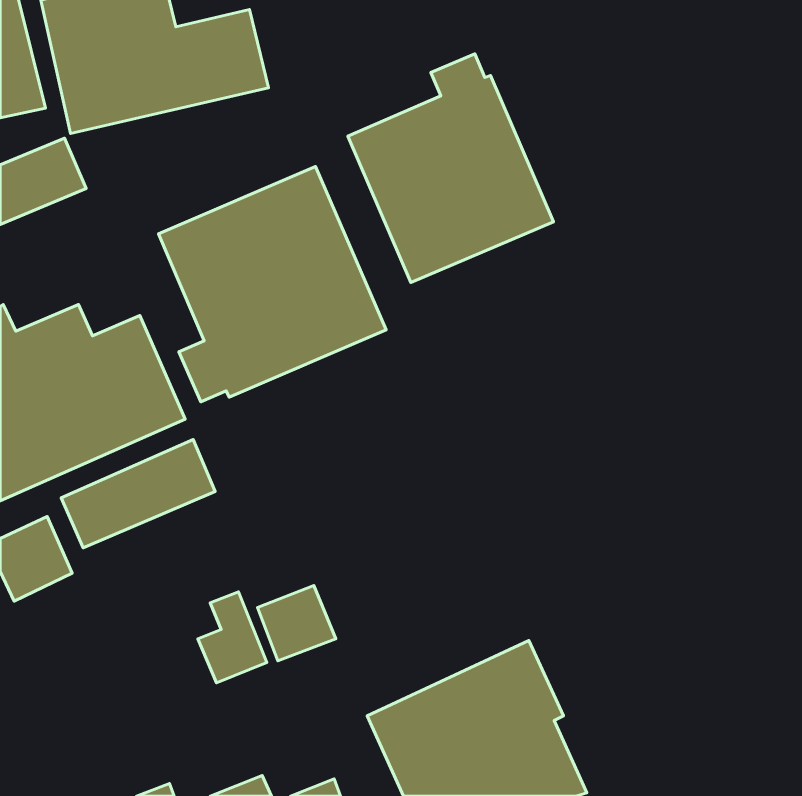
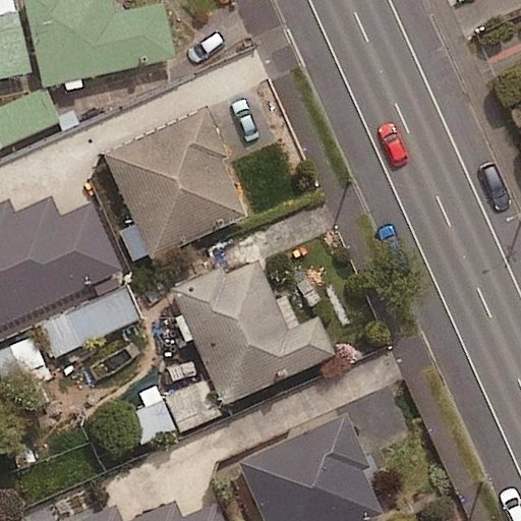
building: [348,54,553,283] -> none
building: none -> [172,259,334,404]

